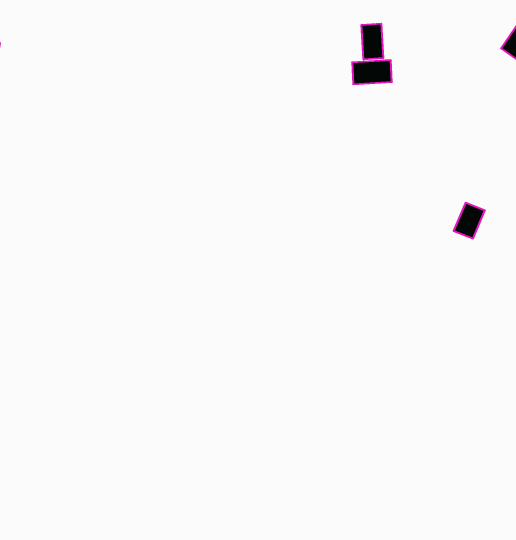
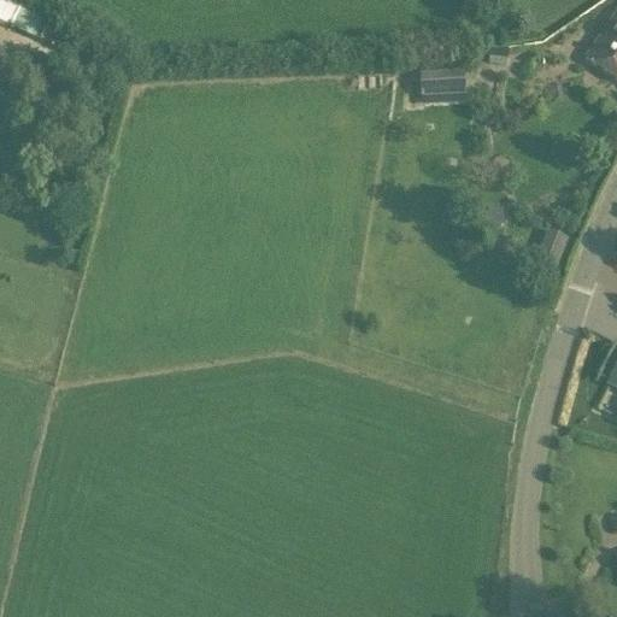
building: [362,24,383,60] -> none

